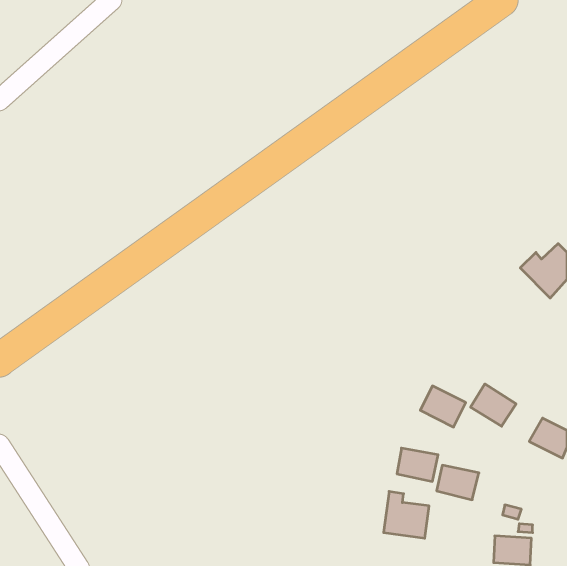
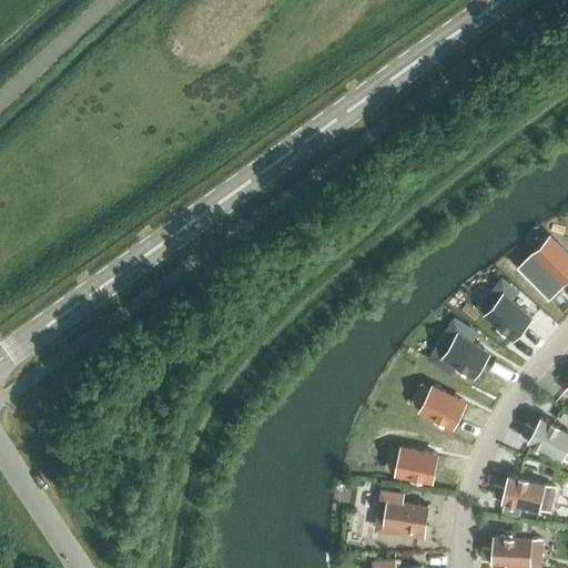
building: none -> [485,295,530,339]
building: [471,384,516,426] -> [443,335,488,377]
building: [437,465,479,500] -> [503,477,545,511]

